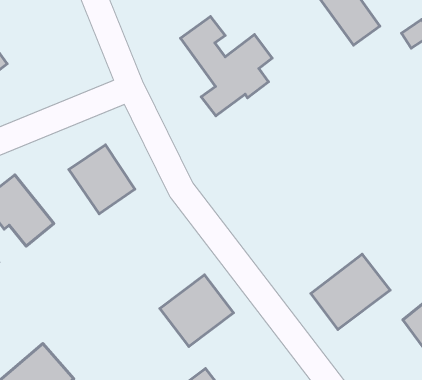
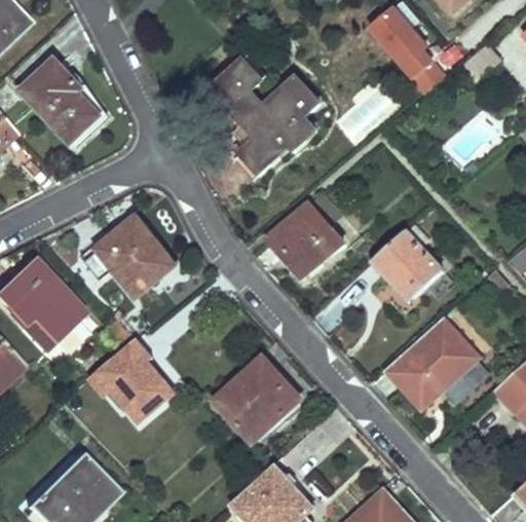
building: none -> [21,61,98,143]
building: none -> [268,194,344,278]
building: none -> [373,227,442,302]
building: none -> [88,343,172,422]

